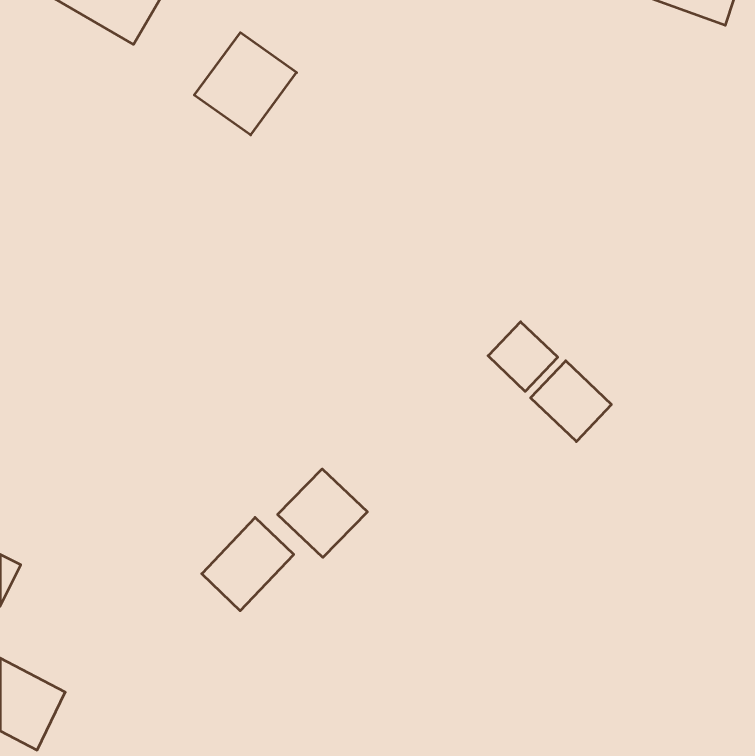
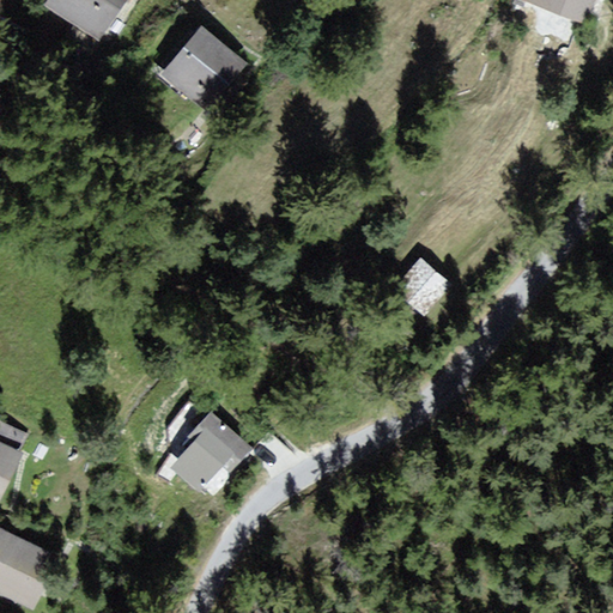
building: [531,361,611,442] -> none
building: [278,469,367,557] -> none

